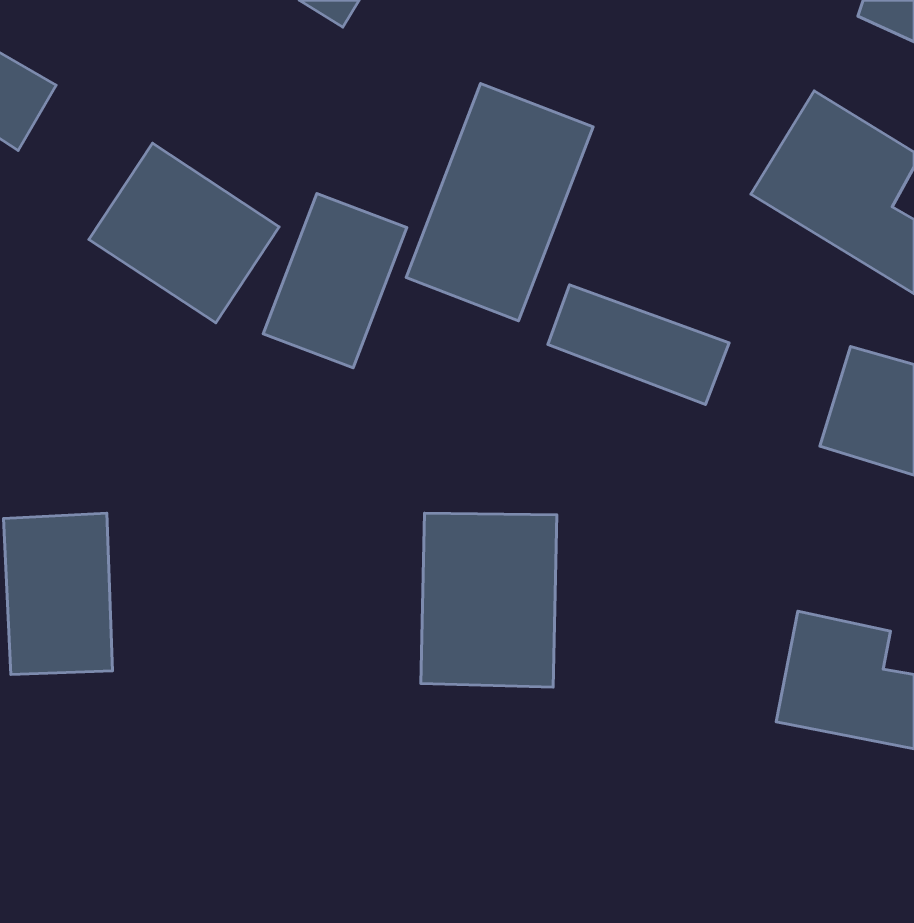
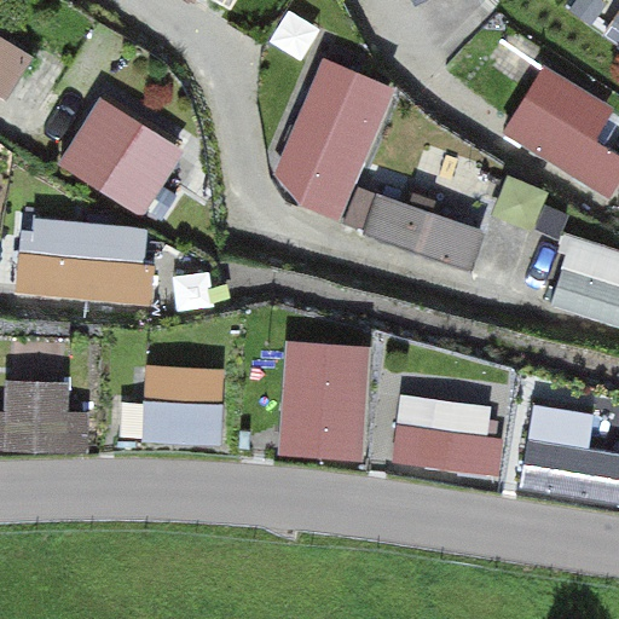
building: [263,193,407,368] -> none
building: none -> [17,216,152,299]
building: none -> [141,365,225,445]
building: none -> [388,399,501,476]

